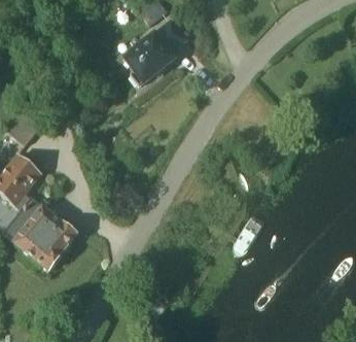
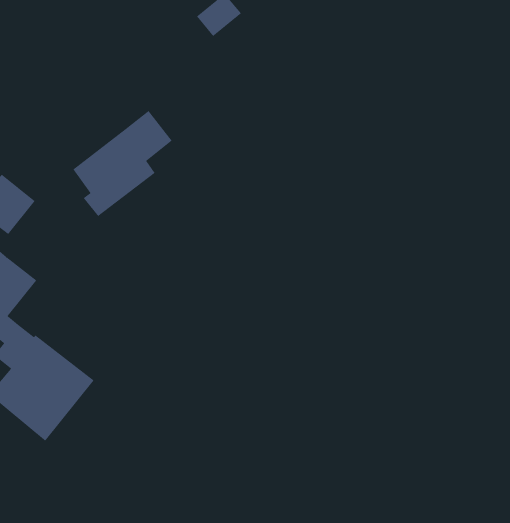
building: [124,20,185,84] -> [73,110,172,217]

